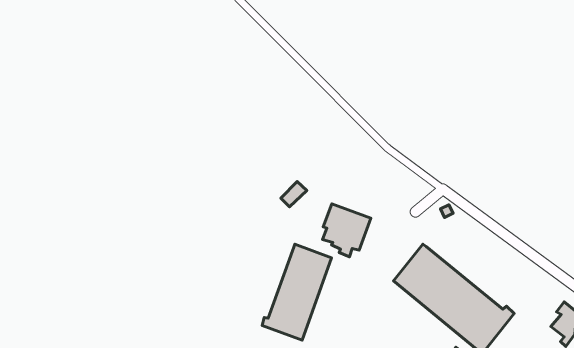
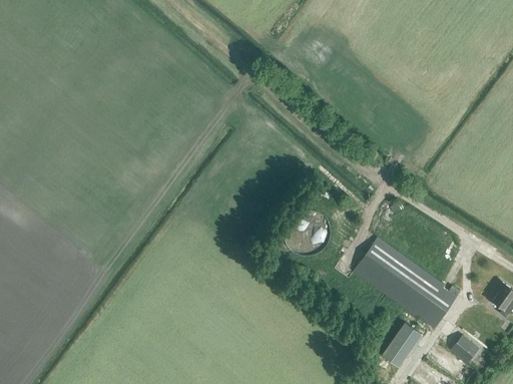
building: [262,244,332,340] -> none

